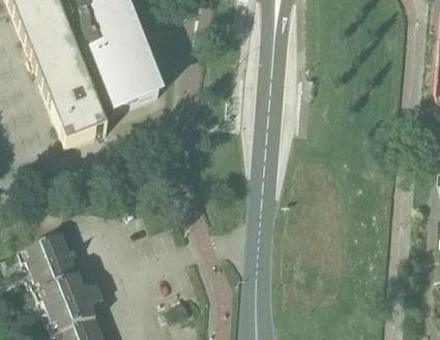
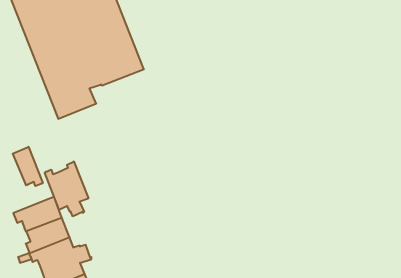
building: none -> [13,147,43,186]
building: none -> [45,161,88,216]

